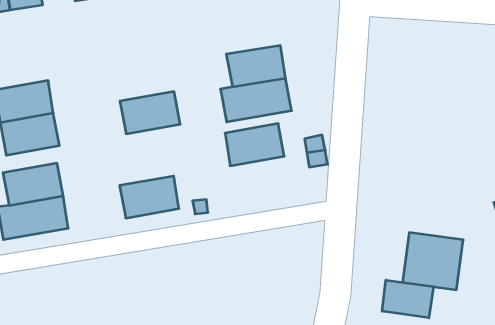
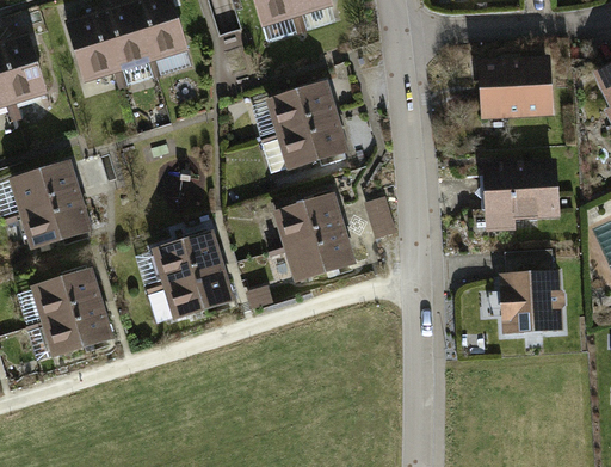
building: none -> [476,66,551,118]
building: [120,92,180,134] -> [152,221,223,276]
building: none -> [482,168,558,236]
building: none -> [285,217,357,272]
building: [382,280,434,318] -> none

